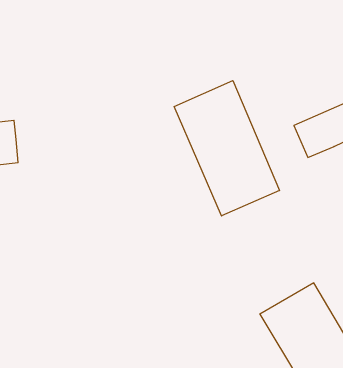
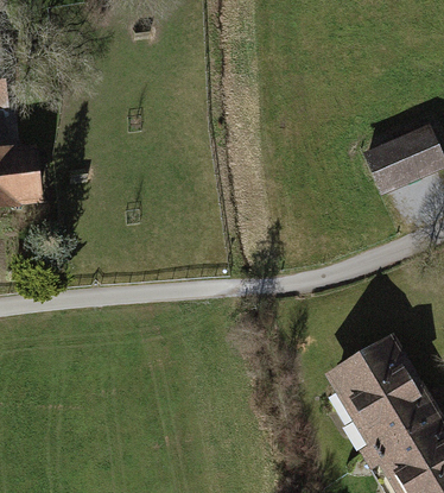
building: [174,81,279,216] -> none

